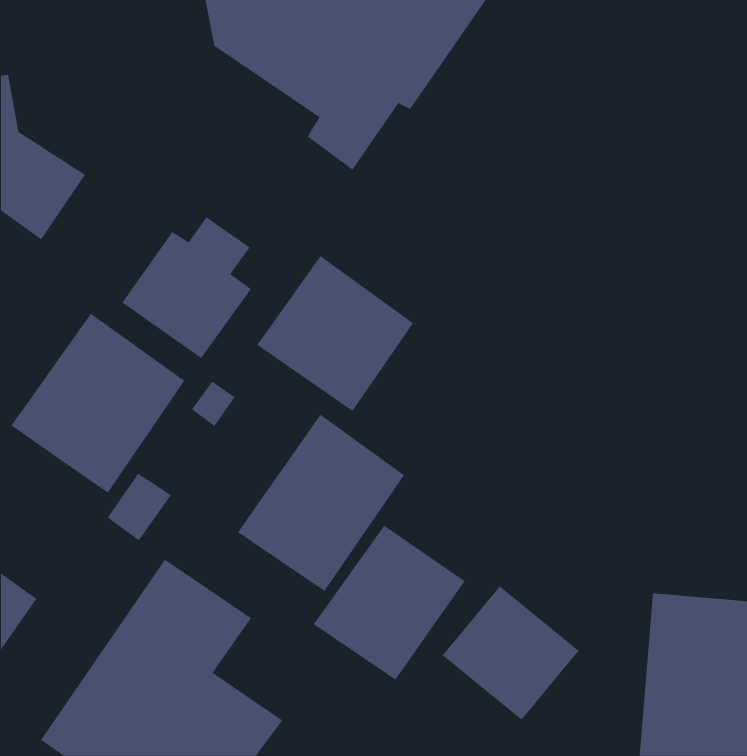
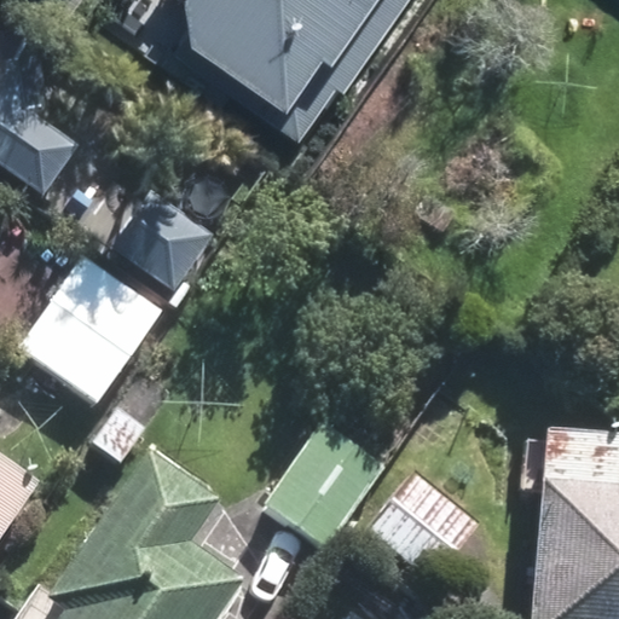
building: [257,255,414,412] -> none
building: [237,414,405,592] -> none

